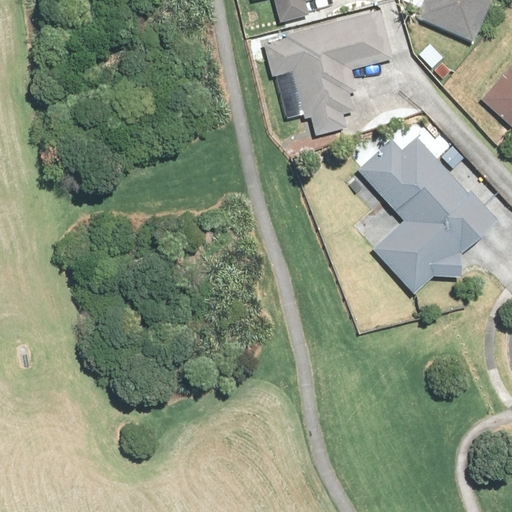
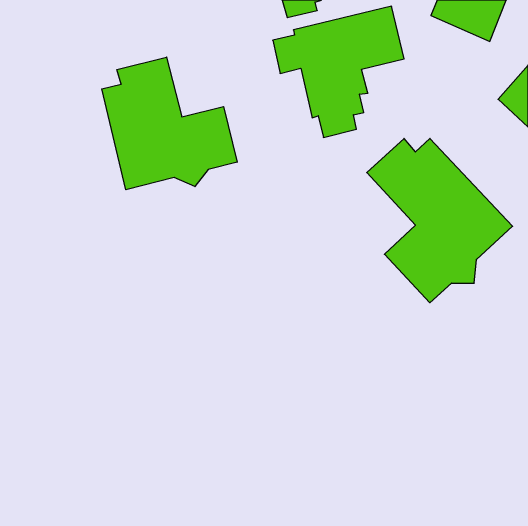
building: none -> [102,57,237,190]

